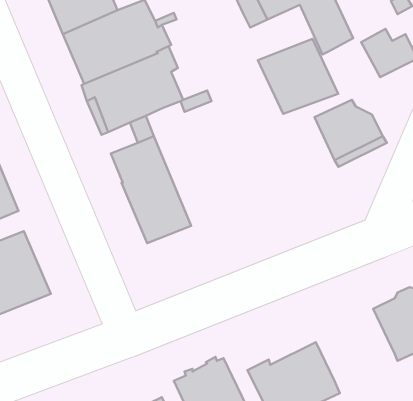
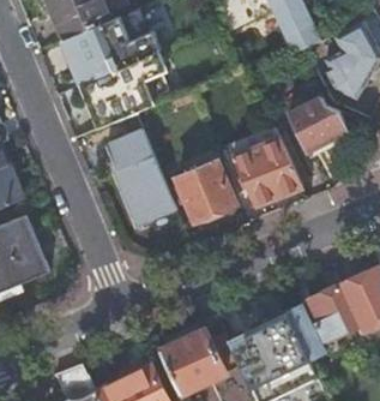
building: [258,39,338,114] -> [231,137,303,204]
building: none -> [177,160,235,220]
building: none -> [286,283,360,349]

